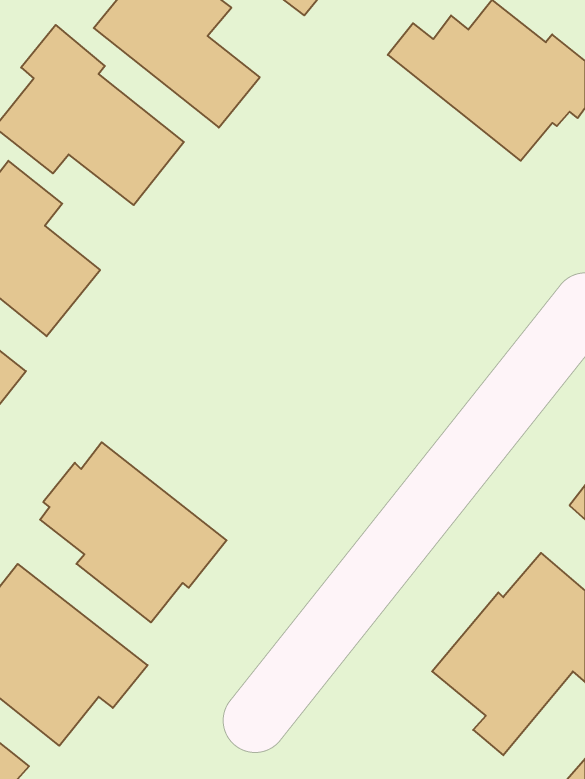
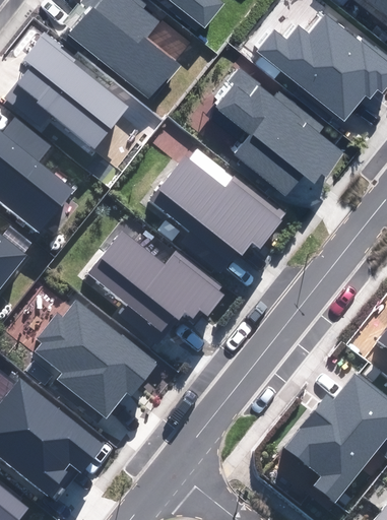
building: none -> [215,69,343,195]
building: none -> [148,156,285,254]
building: none -> [88,233,223,330]

